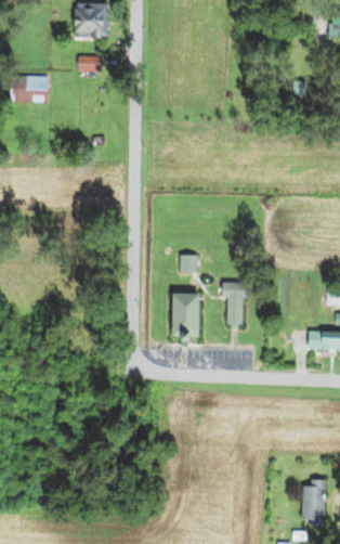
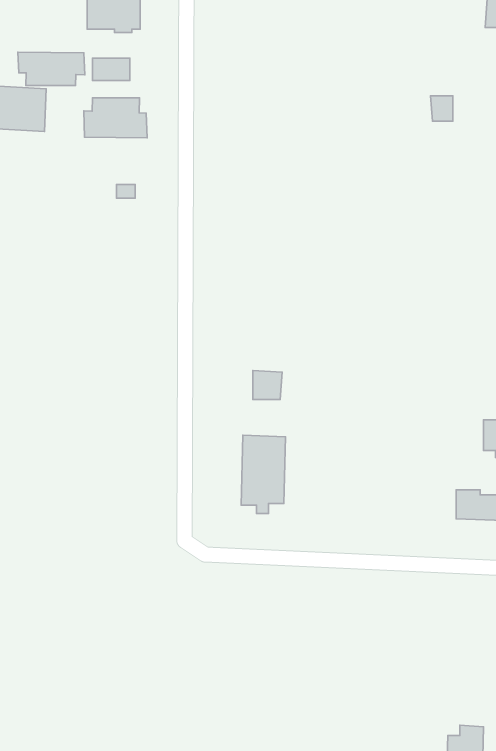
building: none -> [18,52,85,86]
building: none -> [84,98,147,138]
building: [223,283,249,329] -> none

